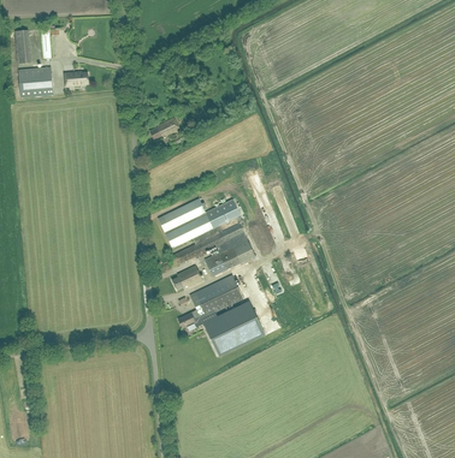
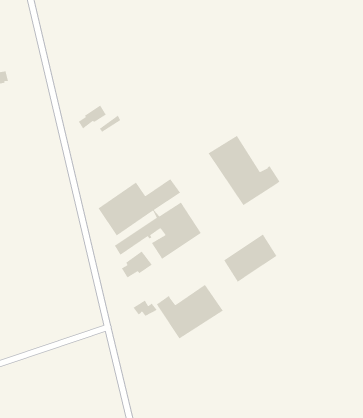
building: none -> [208,135,281,206]
building: [190,273,243,317] -> [223,233,277,283]

